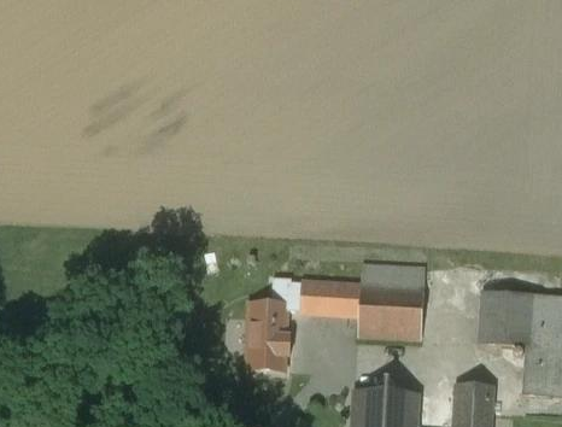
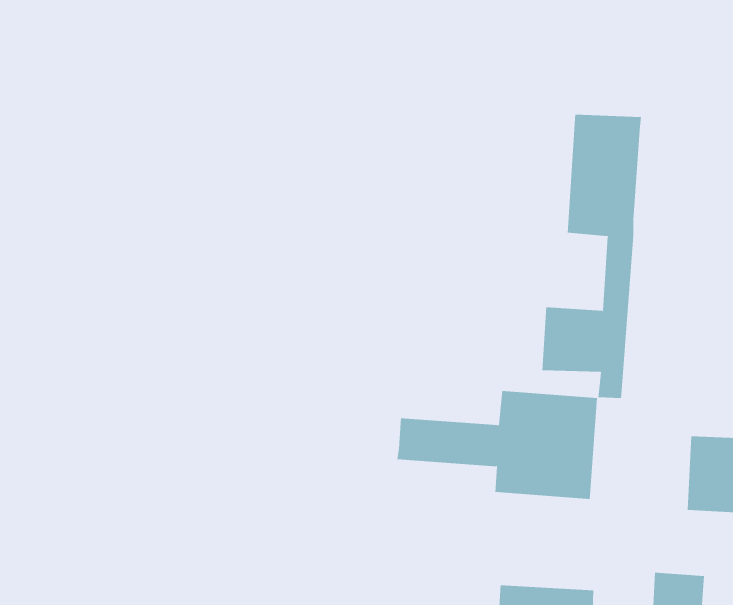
building: none -> [542,114,642,399]
building: [248,299,289,368] -> none

